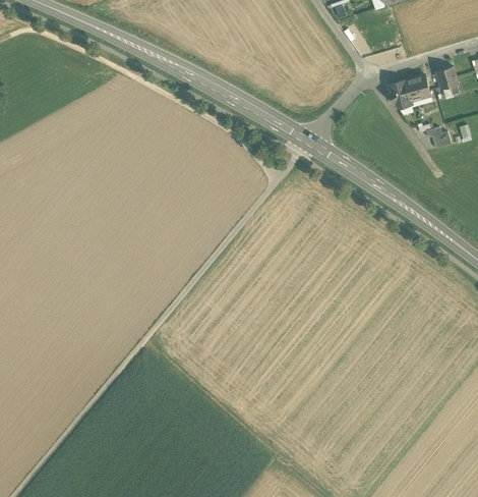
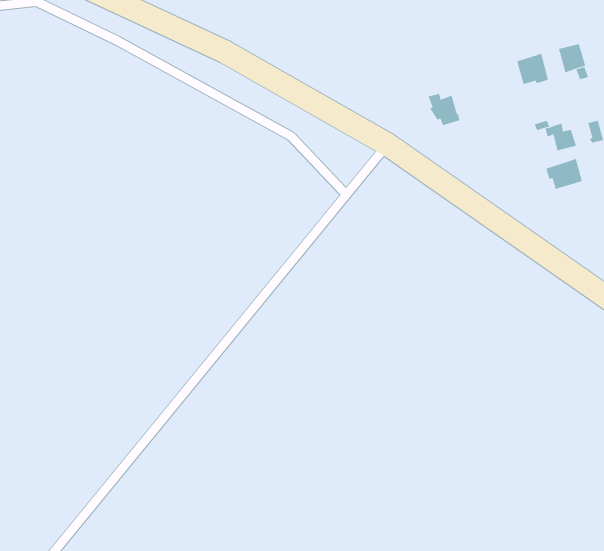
building: [387,82,412,107] -> [428,94,460,126]
building: none -> [546,158,582,190]

